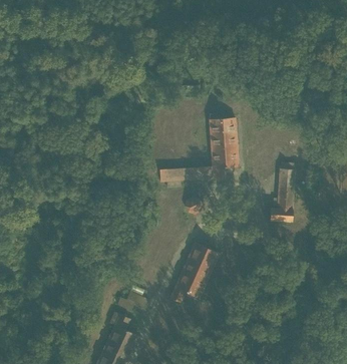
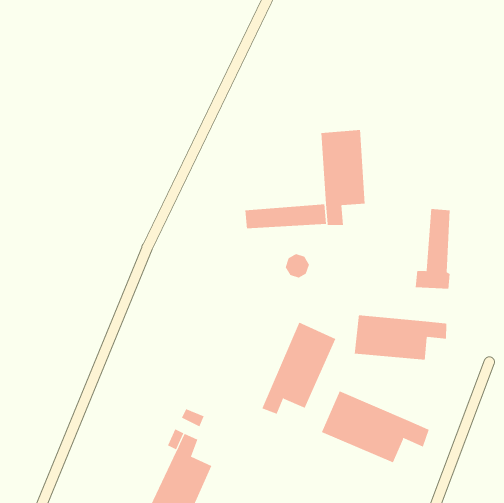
building: none -> [354,315,447,360]
building: none -> [321,391,430,463]

